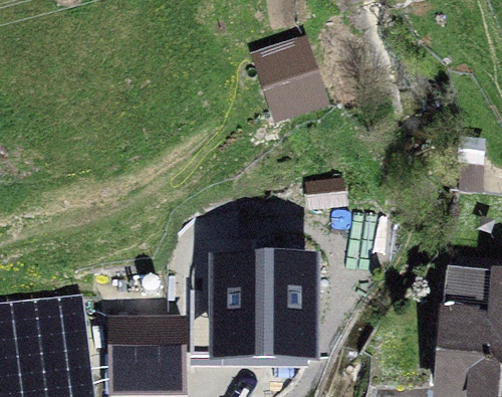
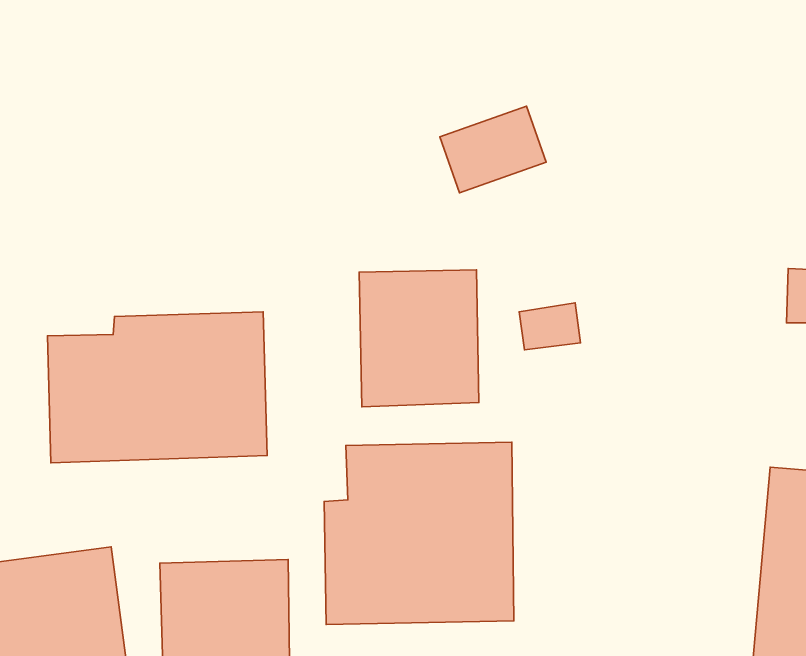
building: none -> [359,270,479,407]
building: none -> [48,312,267,463]

